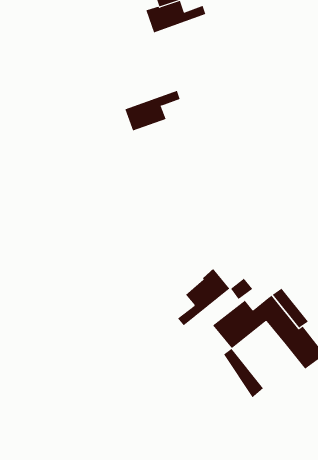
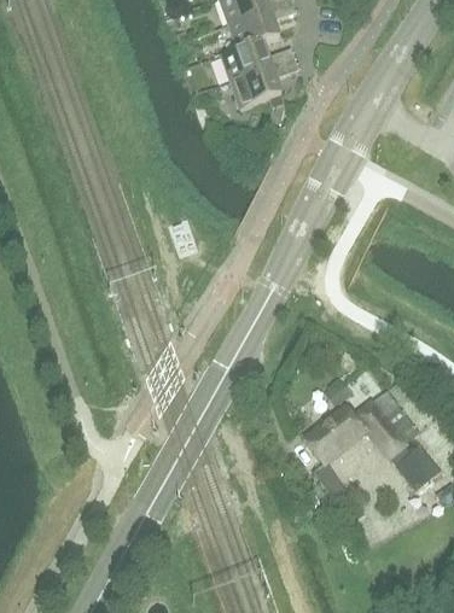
building: [125,90,180,131] -> [229,57,297,106]
building: [177,268,230,326] -> none

